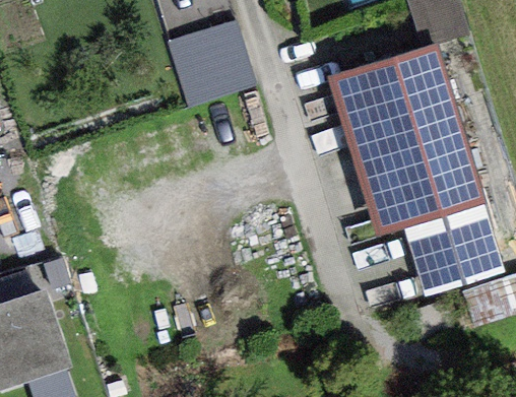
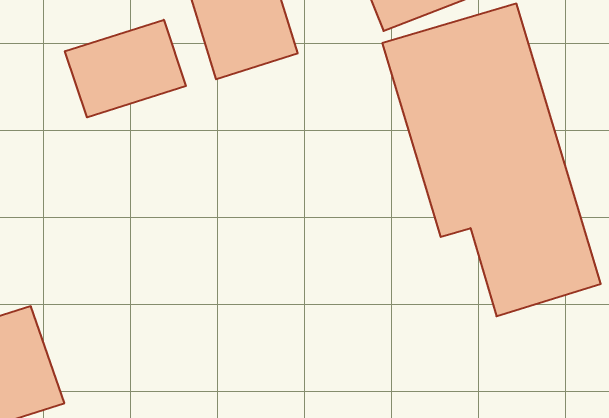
building: none -> [65,20,186,117]

